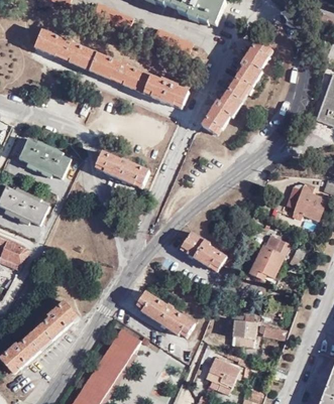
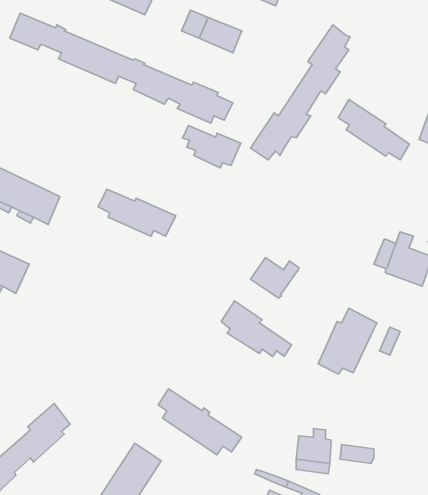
building: none -> [338,99,409,160]
building: none -> [183,126,241,168]
building: none -> [251,258,299,298]

